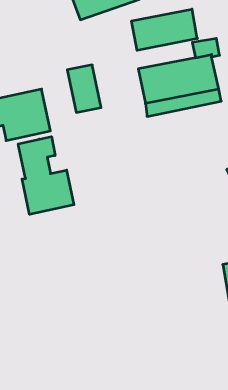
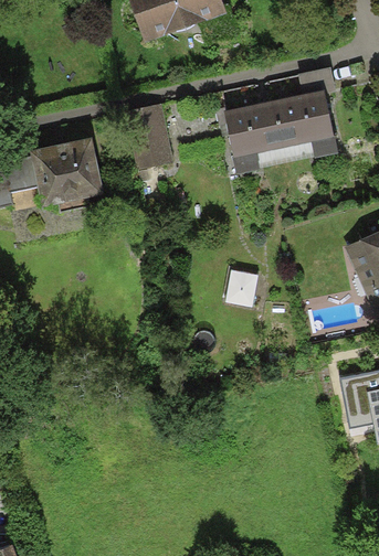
building: [132,9,197,50] -> none
building: [18,137,74,214] -> none
building: none -> [225,268,259,307]

